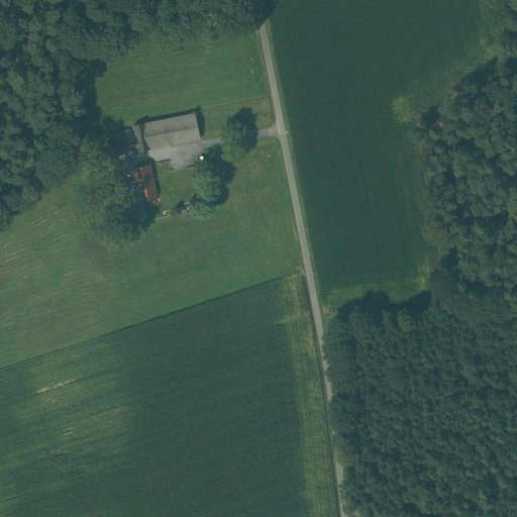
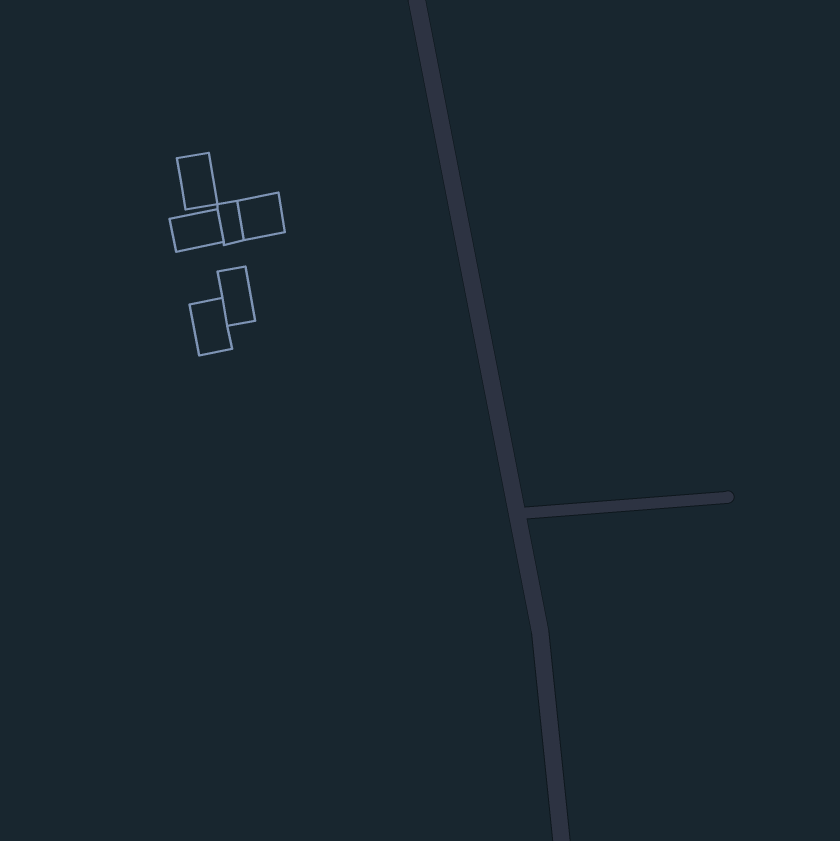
building: none -> [177,153,217,210]
building: [172,113,200,142] -> none

